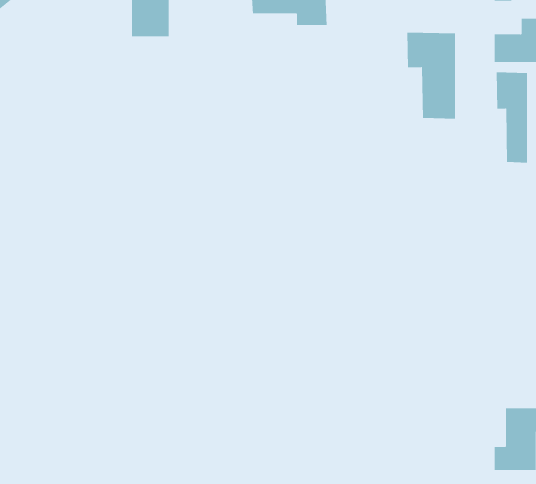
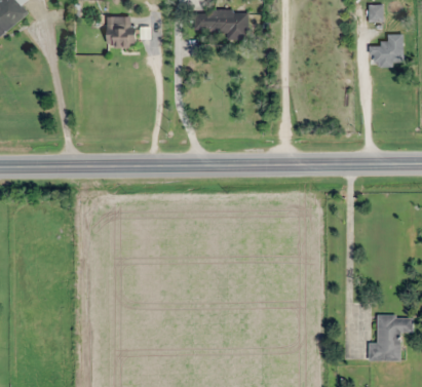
building: [407,32,455,120] -> none
building: [496,72,528,164] -> none

